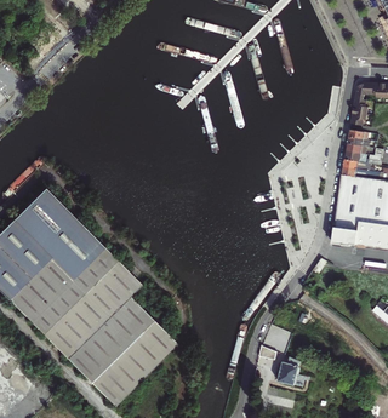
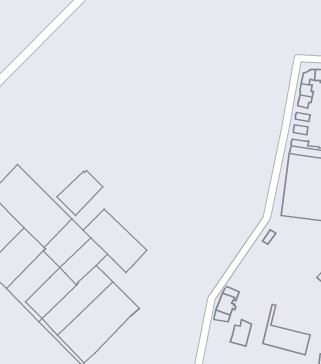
building: none -> [57,170,103,215]
building: none -> [83,209,147,273]
building: none -> [263,304,310,355]

